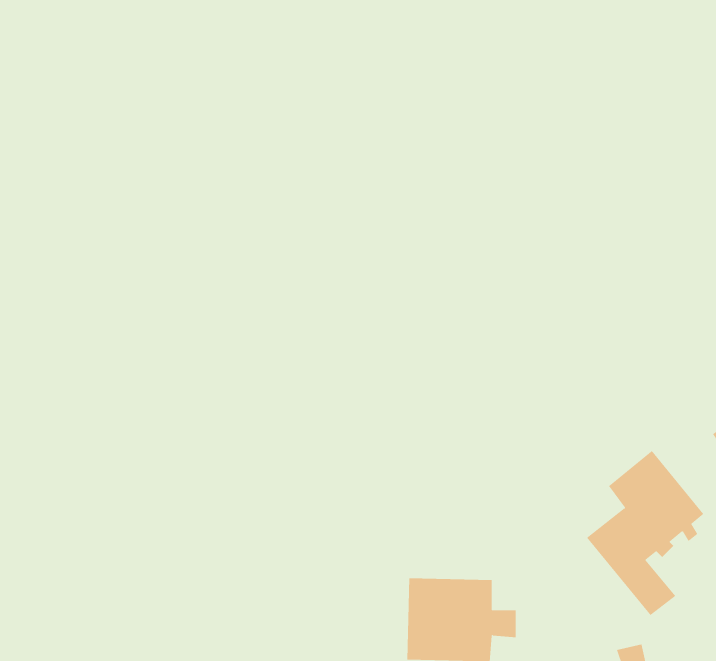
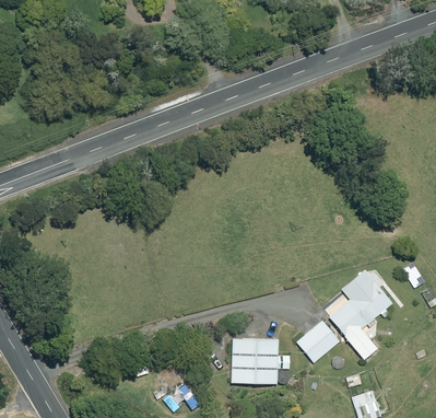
building: none -> [296,317,340,361]

